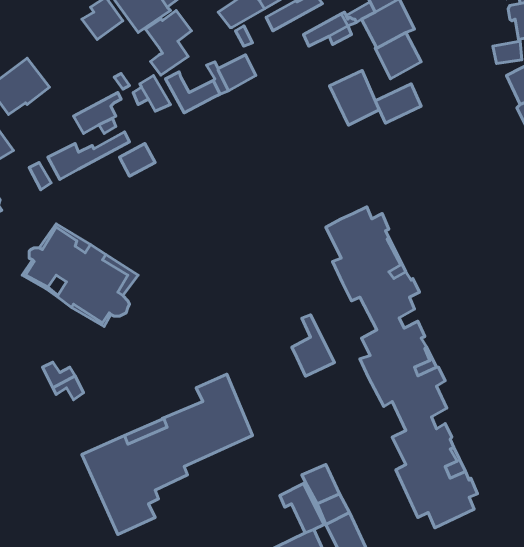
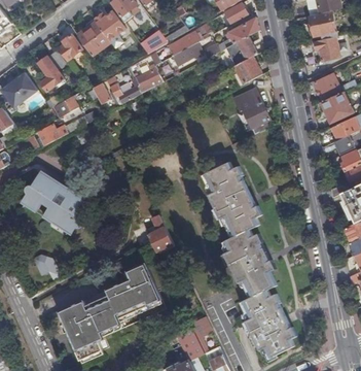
building: [146,10,192,75] -> [37,52,65,91]
building: [330,70,379,125] -> [242,101,272,134]
building: [292,315,334,376] -> [146,215,172,252]

